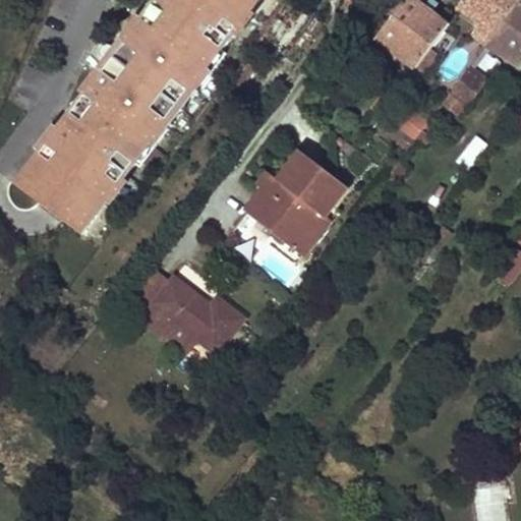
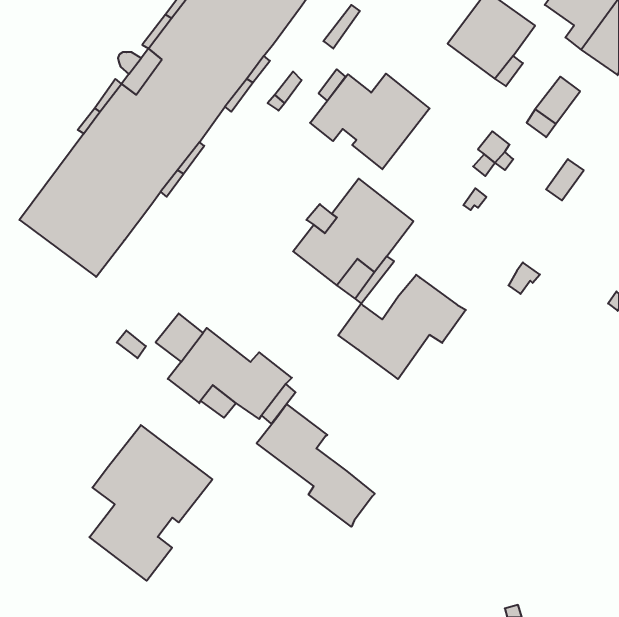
building: none -> [310,74,430,169]
building: none -> [338,275,466,379]
building: none -> [257,404,375,527]
building: none -> [89,425,212,581]

